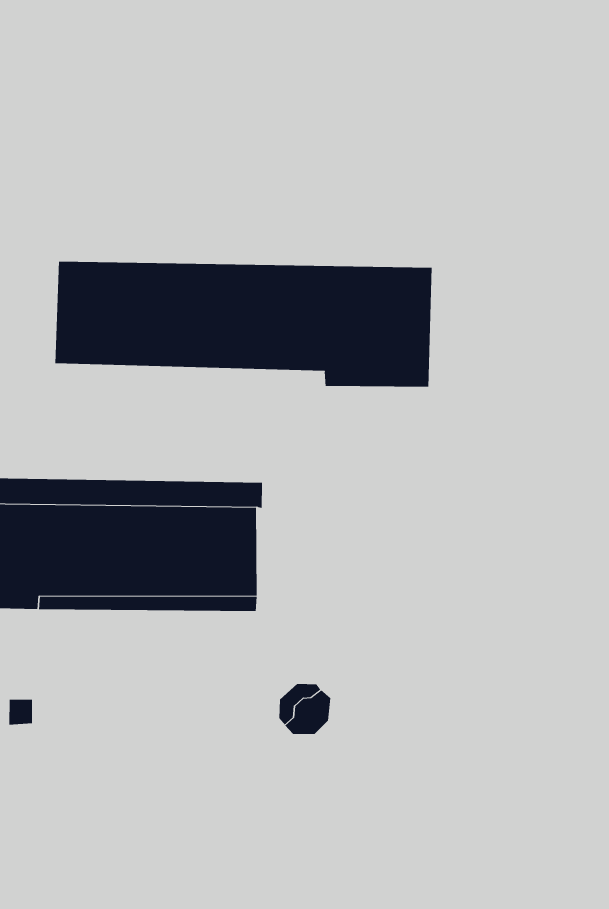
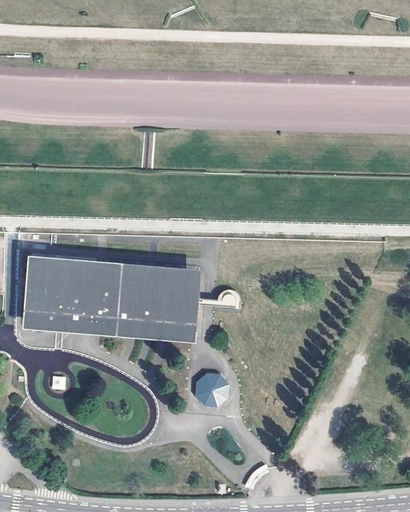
building: [55,261,432,387] -> none

